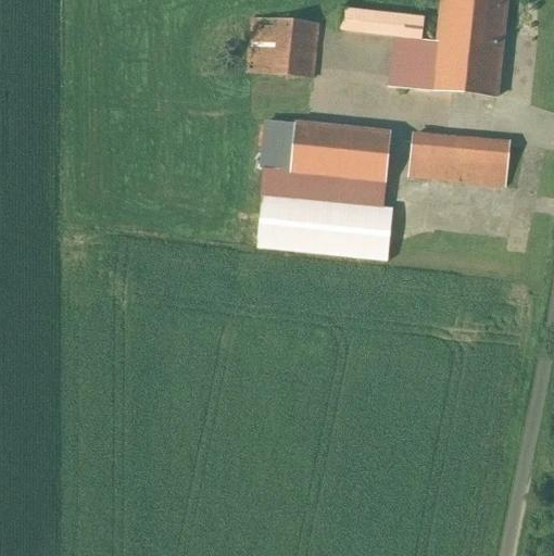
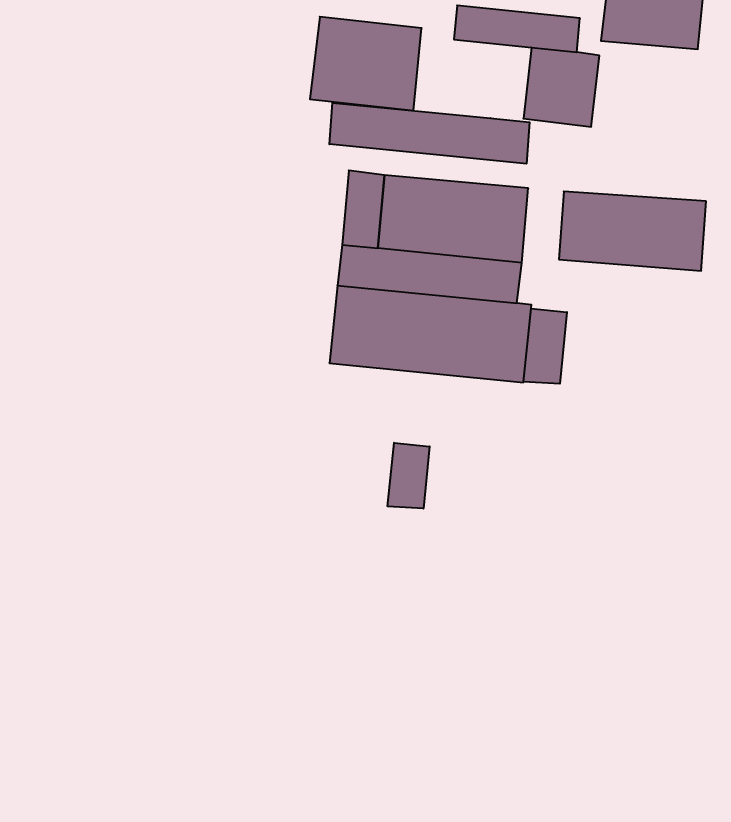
building: [432,30,504,94] -> none
building: none -> [329,103,530,164]
building: none -> [524,309,567,384]
building: none -> [388,443,430,509]

